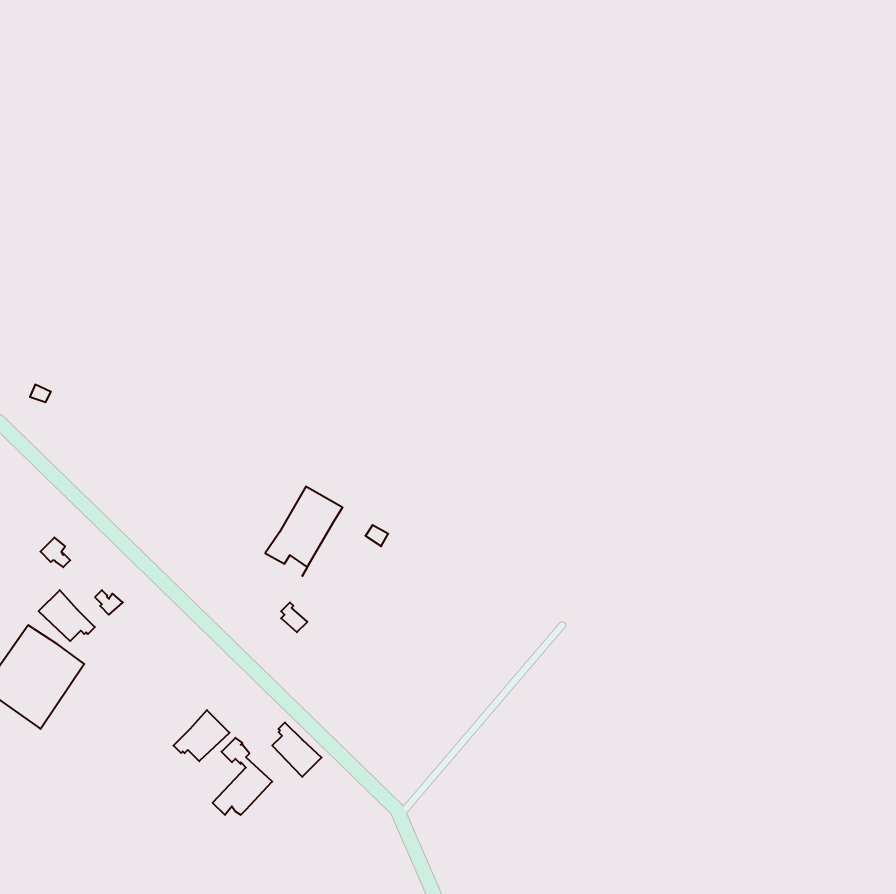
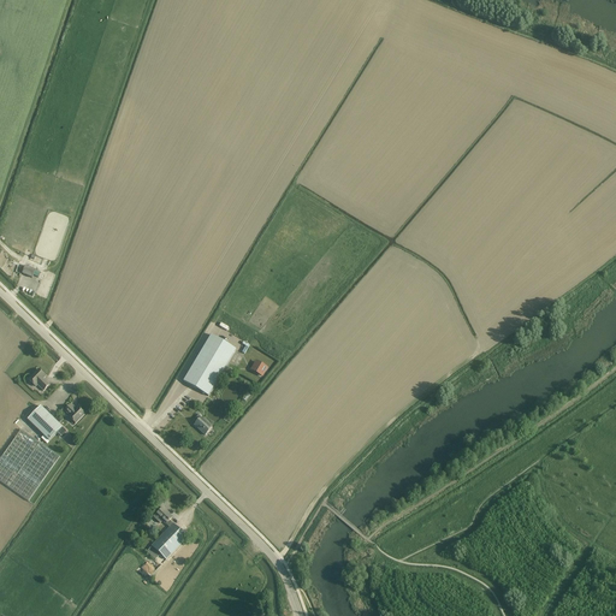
building: [173,710,230,761] -> none
building: [272,722,322,777] -> none

